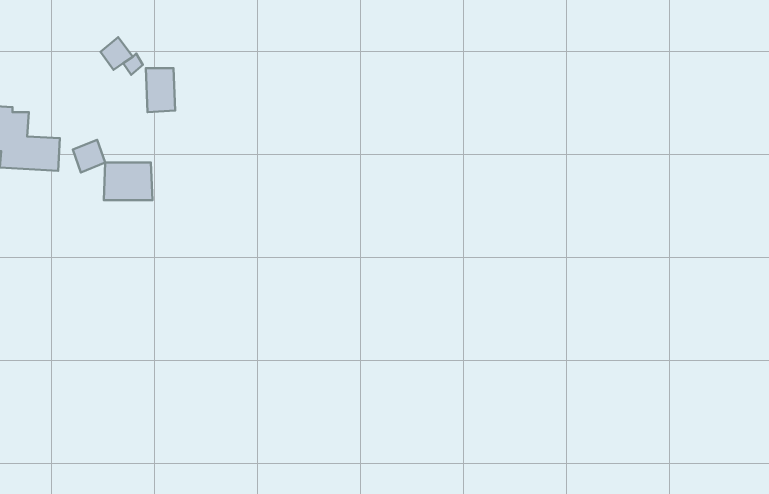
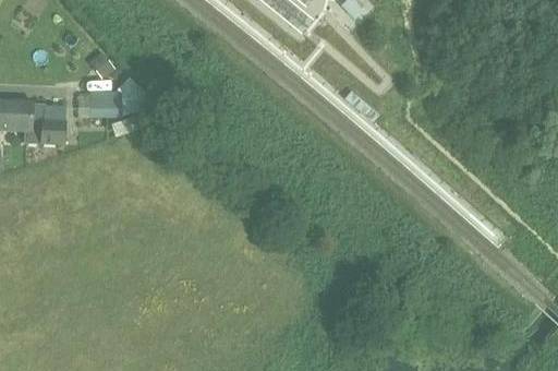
building: [104,163,152,200] -> [86,91,119,116]

